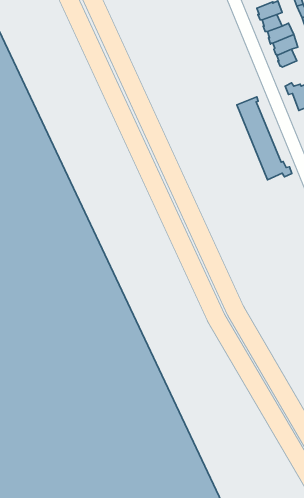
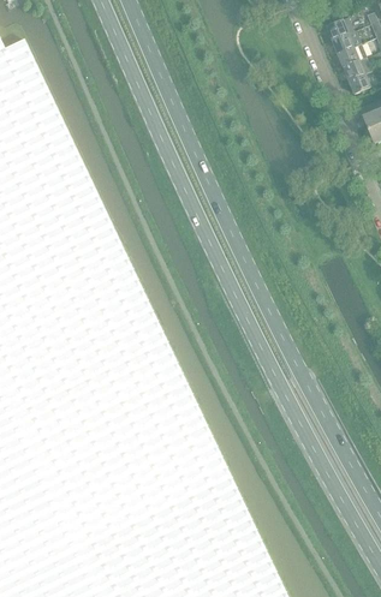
building: [237,97,292,180] -> none

